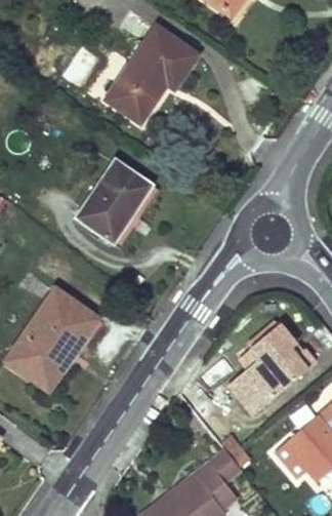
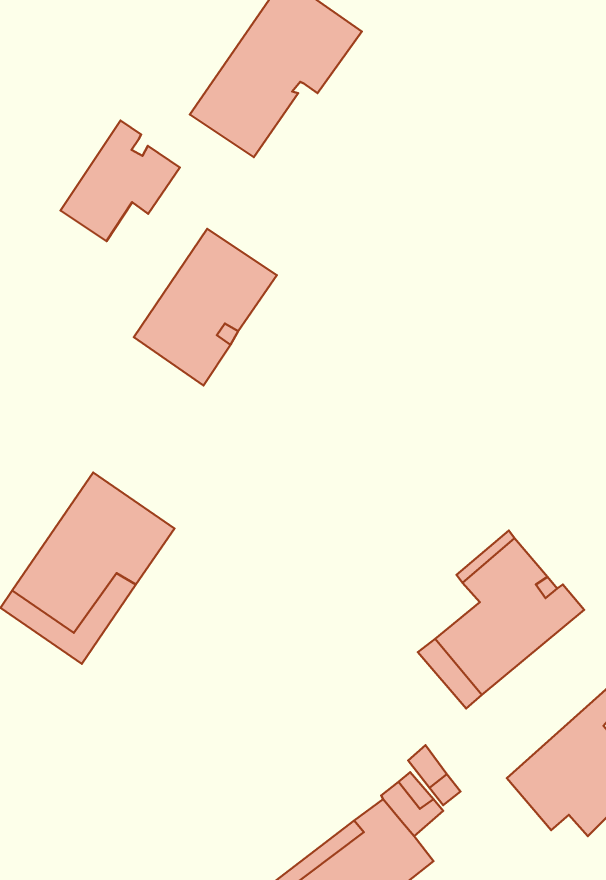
building: none -> [60,120,180,241]

